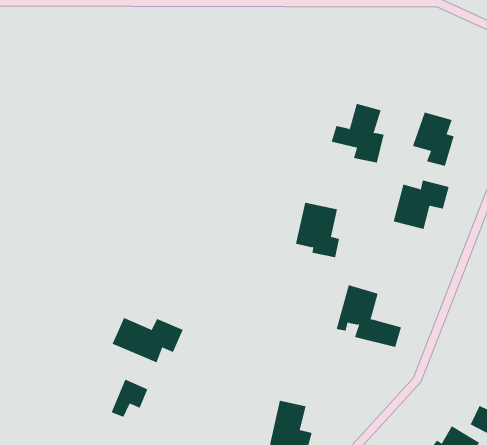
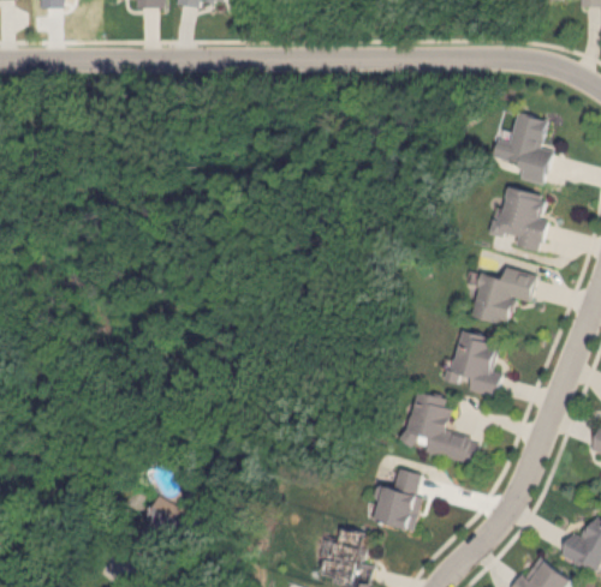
building: [331,103,385,163] -> [486,109,549,180]
building: [295,202,340,258] -> [448,329,501,395]
building: [112,317,184,363] -> none
building: none -> [375,468,424,528]

